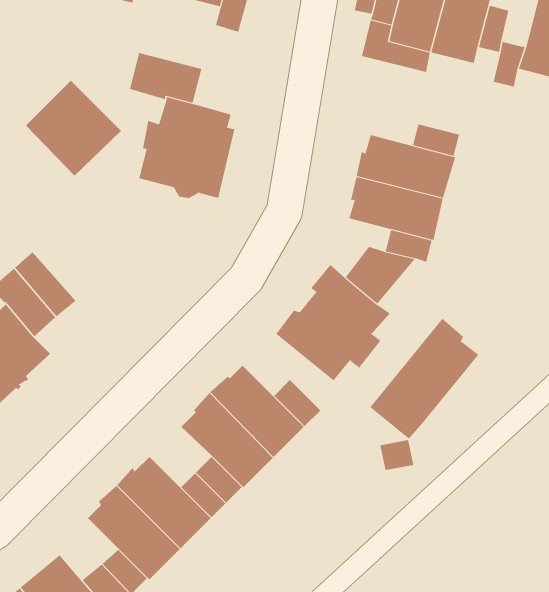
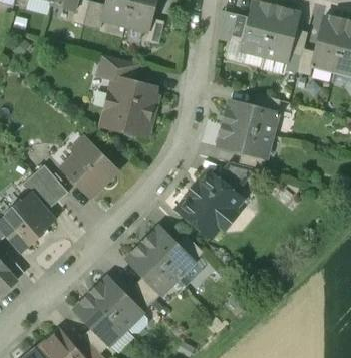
building: [25,80,122,177] -> [63,142,116,196]
building: [370,318,479,440] -> none

